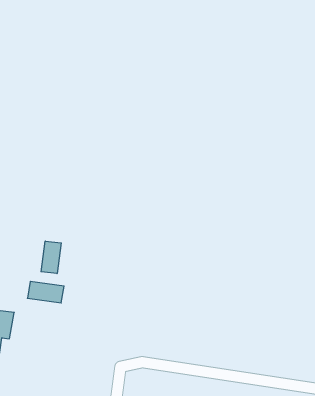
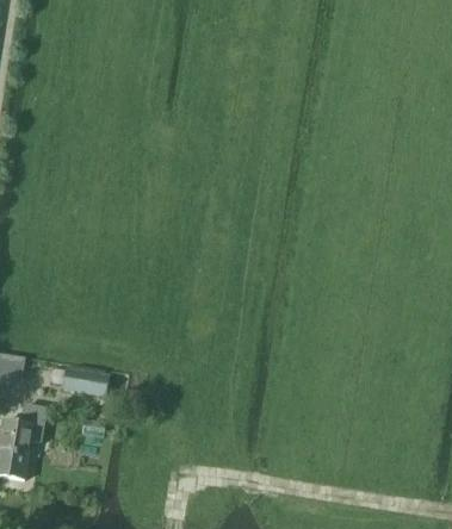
building: [41,241,61,274] -> none

